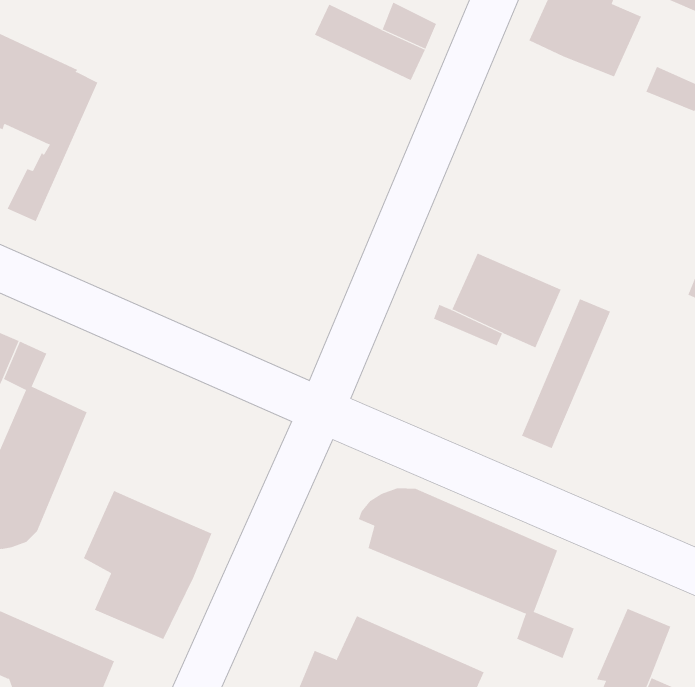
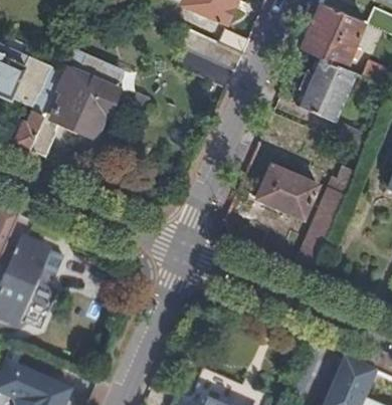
building: none -> [29,46,124,155]
building: none -> [298,57,356,122]
building: [358,487,574,659] -> none
building: [83,490,212,640] -> none

